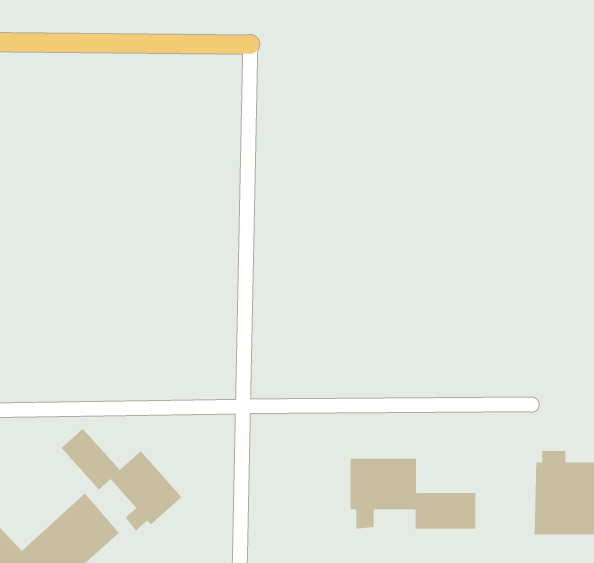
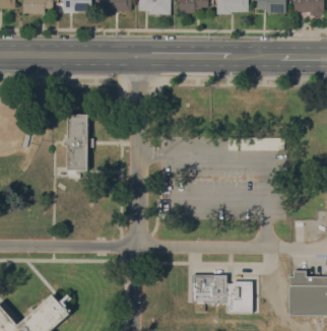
building: none -> [64,112,92,177]
building: [61,428,182,532] -> none

